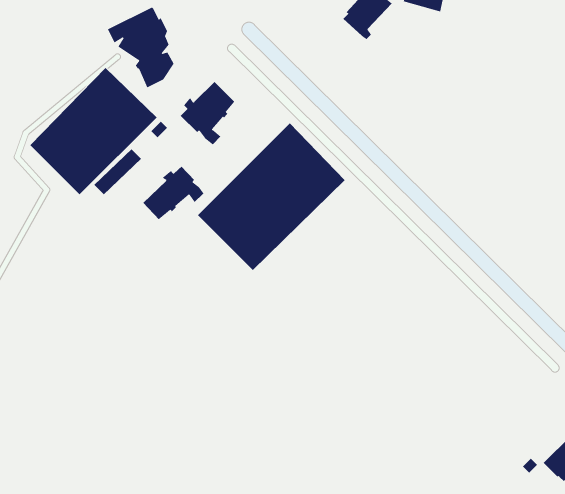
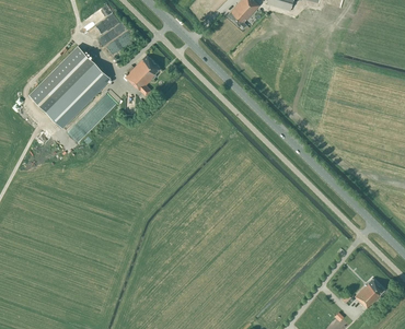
building: [197,122,346,271] -> none
building: [142,166,204,220] -> none

